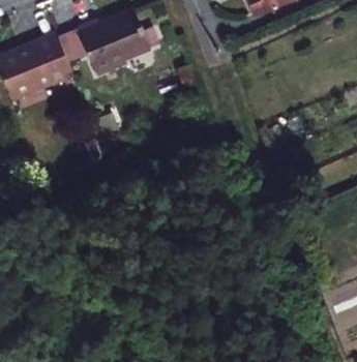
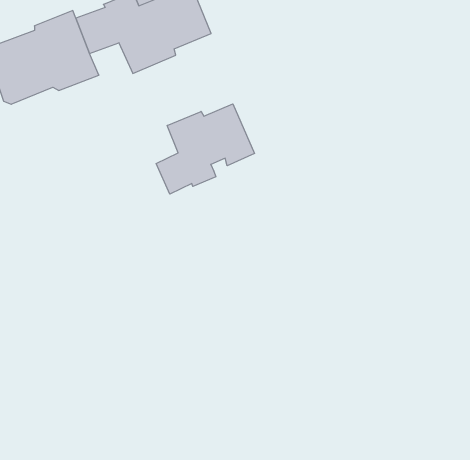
building: none -> [156,104,254,194]

